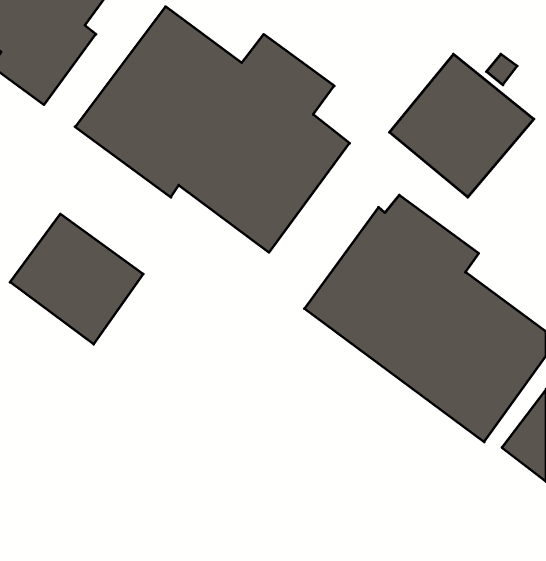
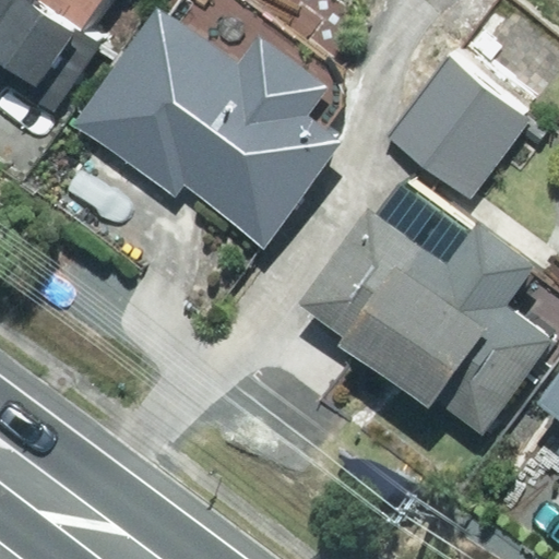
building: [10,214,143,344] -> none

